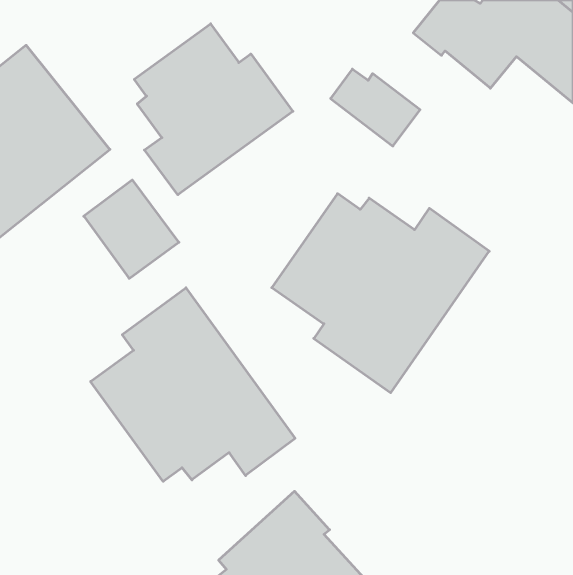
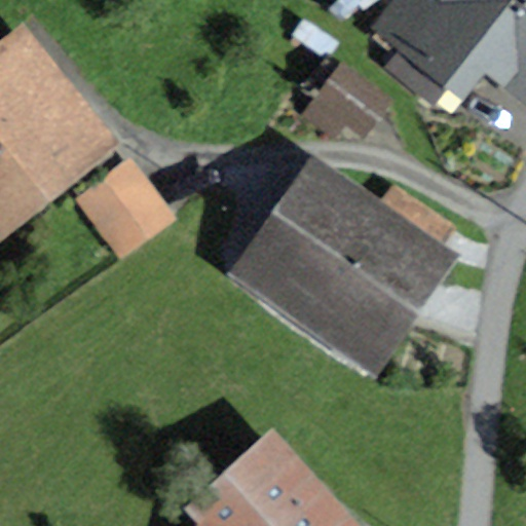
building: [134,24,293,195] -> none
building: [91,288,295,481] -> none

